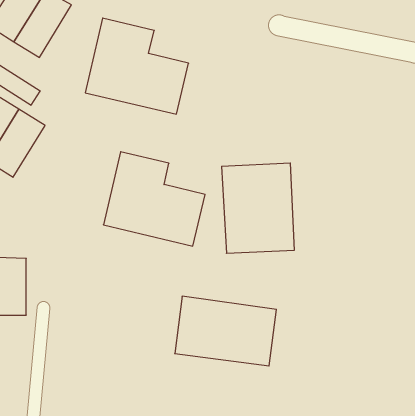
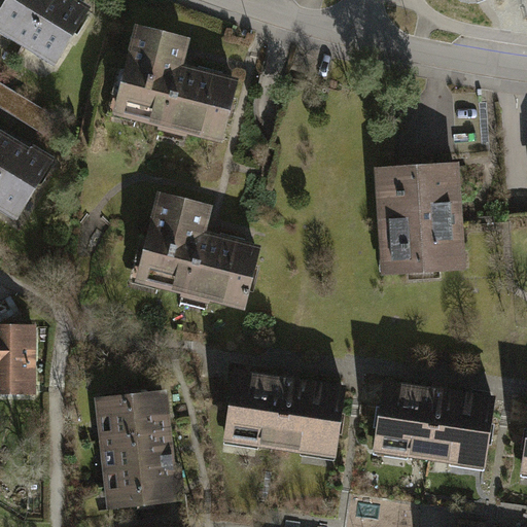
building: [222,163,294,253] -> [374,161,465,274]
building: none -> [372,383,493,467]
building: none -> [95,391,185,506]

